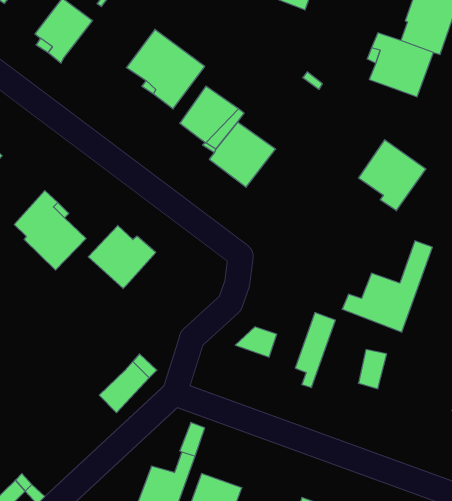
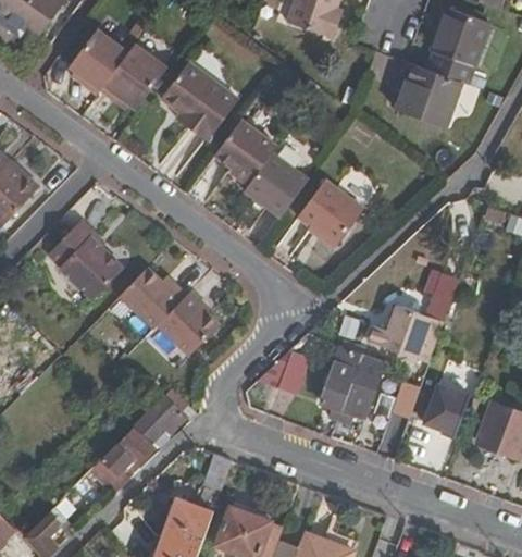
building: none -> [94,45,162,109]
building: [358,140,426,211] -> [295,178,362,249]
building: none -> [158,283,218,347]
building: none -> [341,351,387,423]
building: none -> [432,383,475,432]
building: none -> [88,426,151,492]

